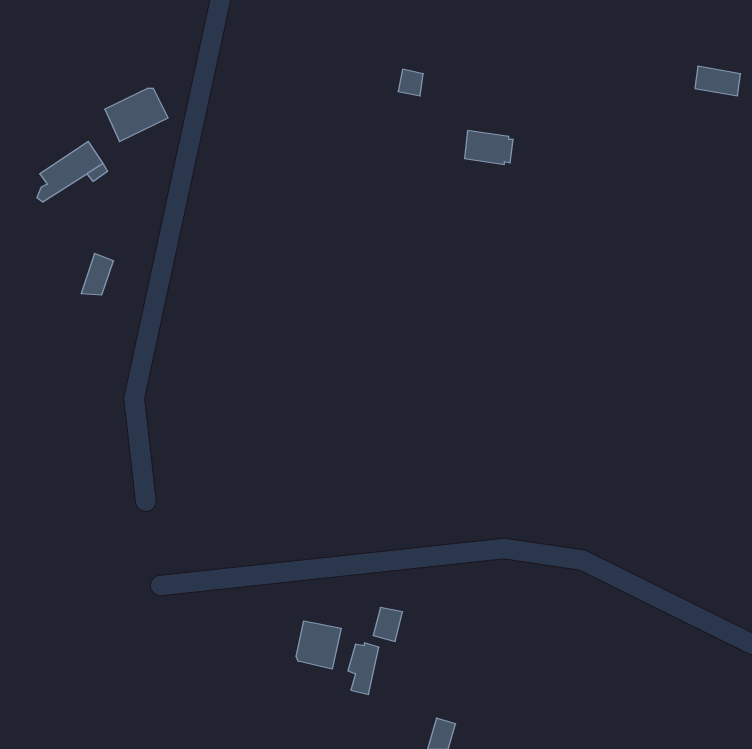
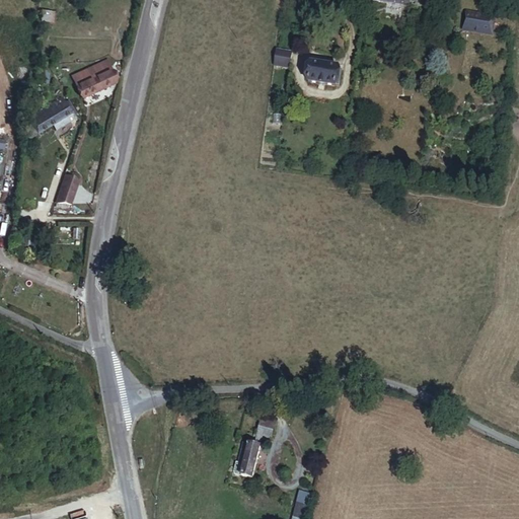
building: [695,66,741,96] -> [462,11,494,31]
building: [465,131,513,164] -> [307,61,341,84]
building: [296,621,341,669] -> none

